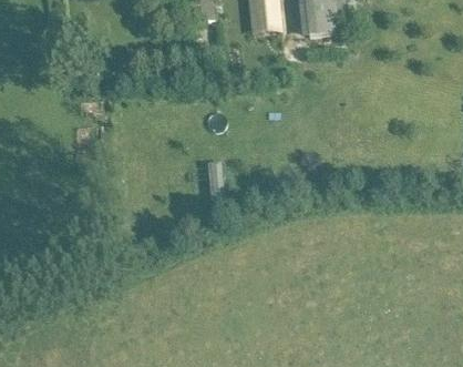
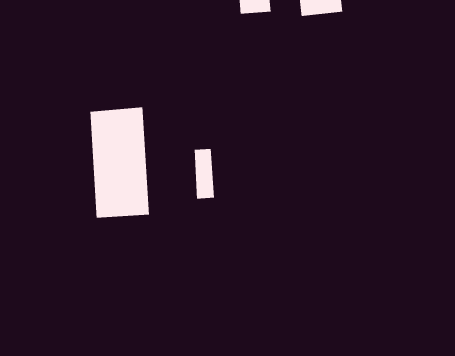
building: none -> [90,106,150,219]

